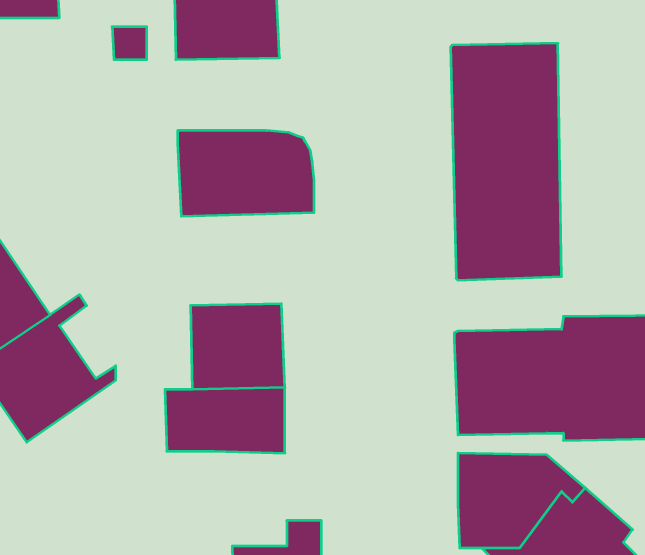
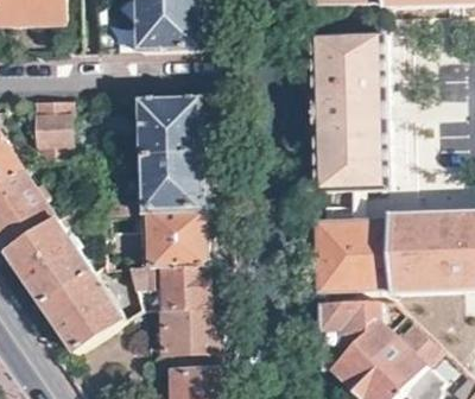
building: none -> [30,96,66,152]
building: none -> [94,148,224,210]
building: none -> [37,258,129,349]
building: none -> [159,304,229,350]

